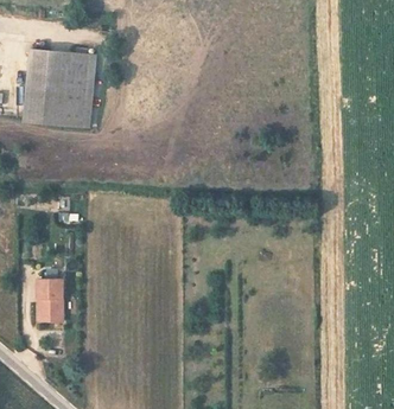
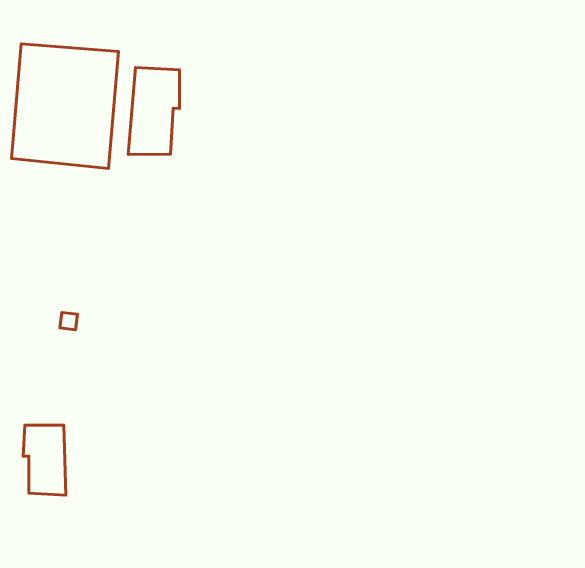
building: none -> [128,67,180,154]

